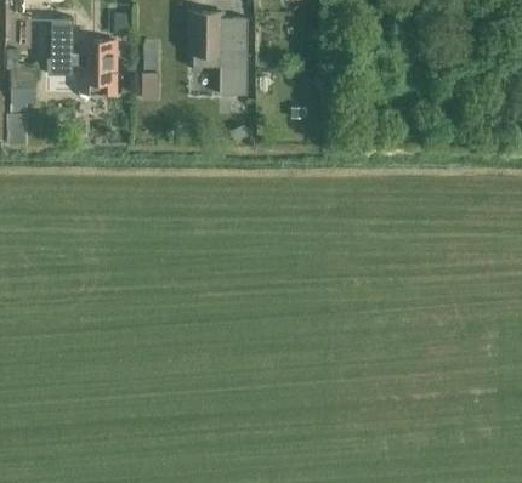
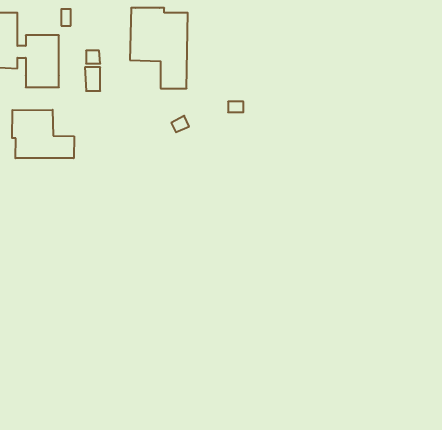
building: none -> [12,110,74,158]

